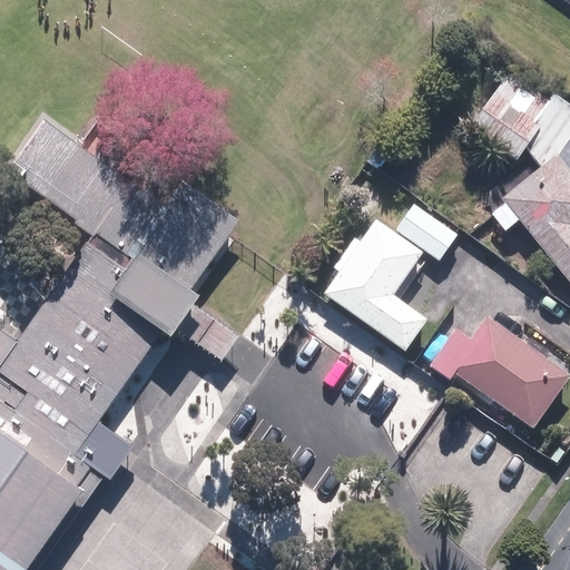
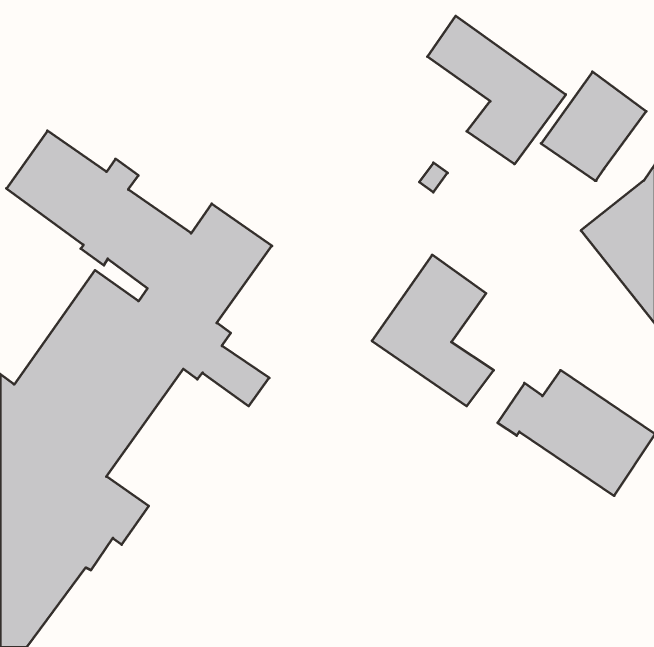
building: none -> [427,16,566,164]
building: [394,204,459,261] -> none

